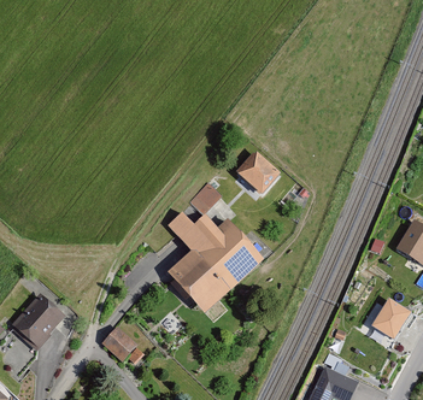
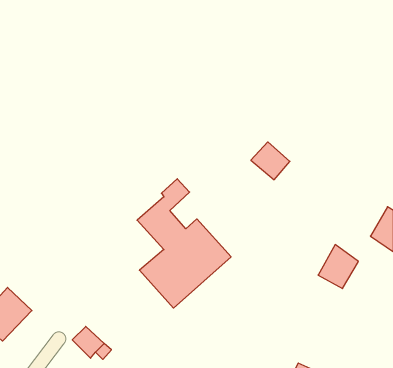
building: [237,159,276,196] -> [251,142,290,180]
building: [369,298,409,341] -> [318,245,358,289]

